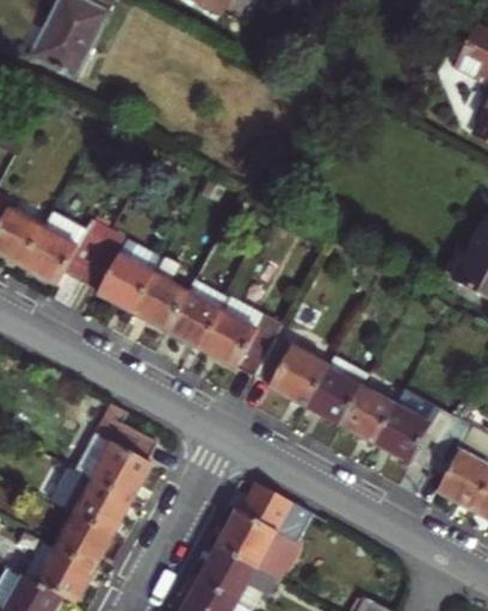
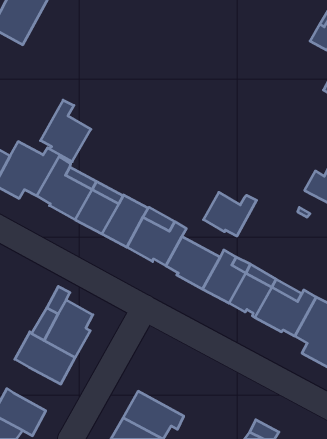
building: none -> [40,100,91,162]
building: none -> [203,192,257,236]
building: [218,485,314,578] -> none
building: [51,512,115,570] -> none

